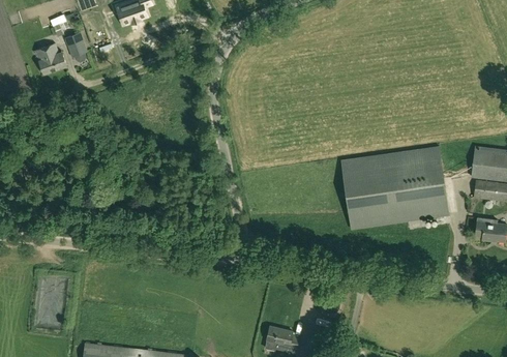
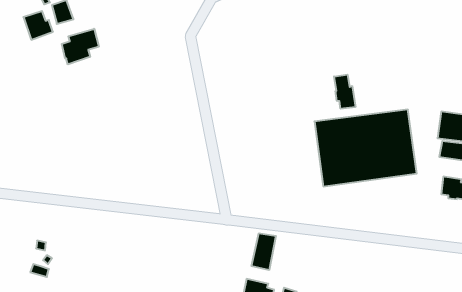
building: none -> [62,29,99,64]
building: none -> [334,75,355,109]
building: none -> [251,233,276,270]

